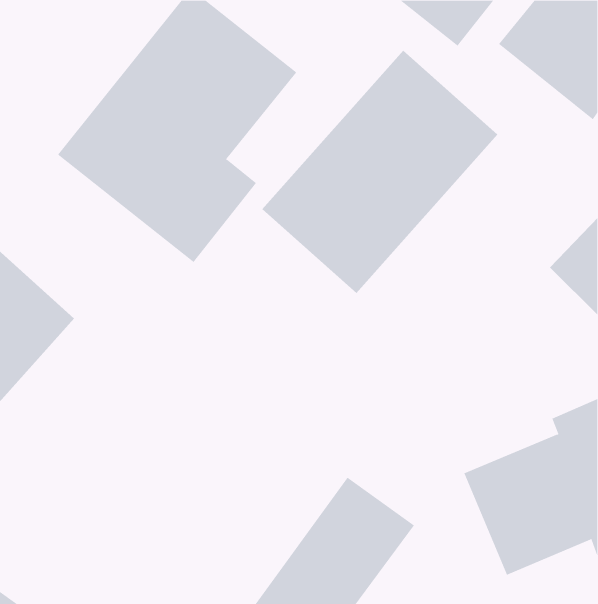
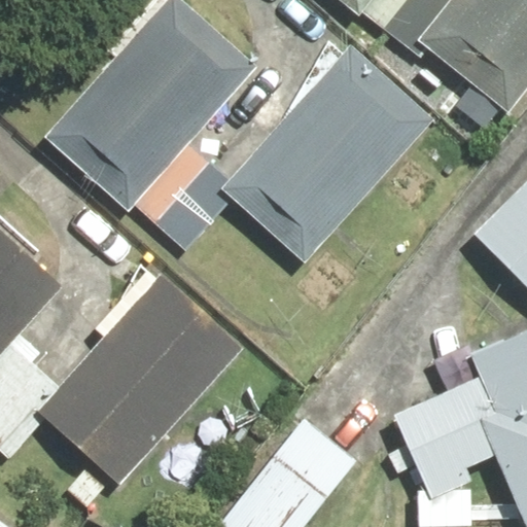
building: none -> [37,278,237,481]

